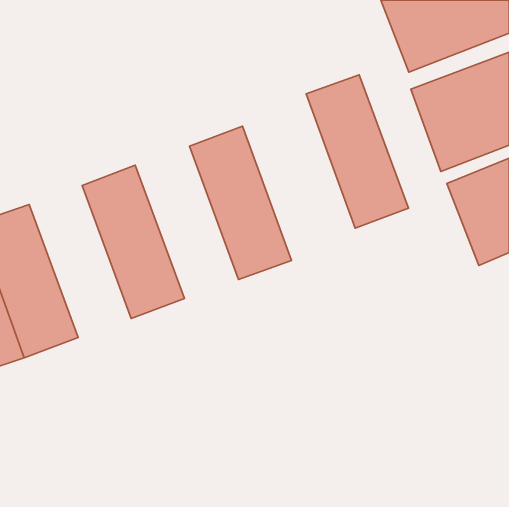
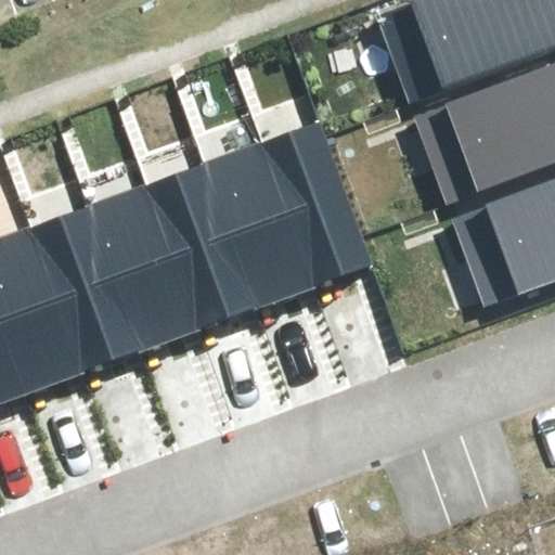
building: [306,75,408,228] -> [262,121,373,287]
building: none -> [146,164,258,328]
building: none -> [31,206,142,371]

